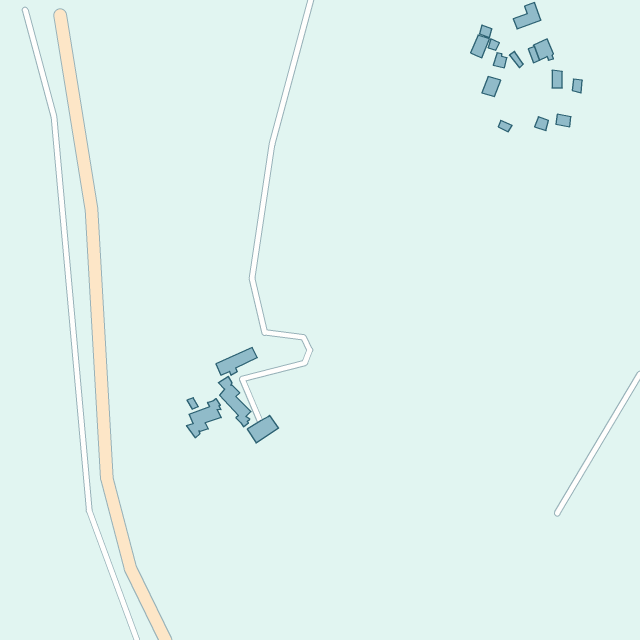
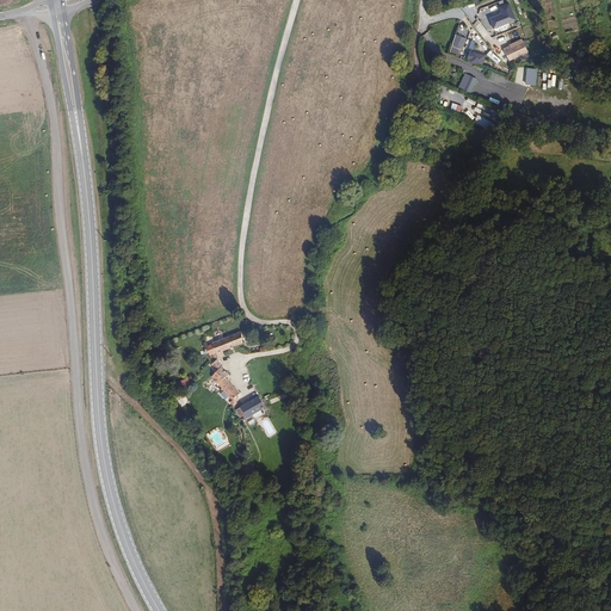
building: [187,399,221,438] -> none

